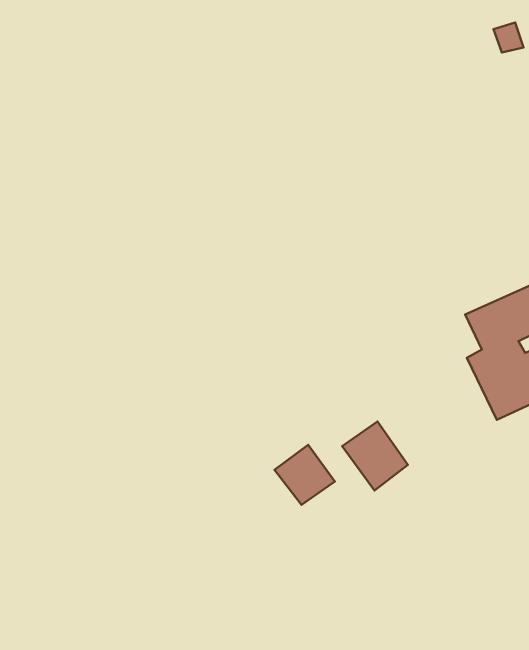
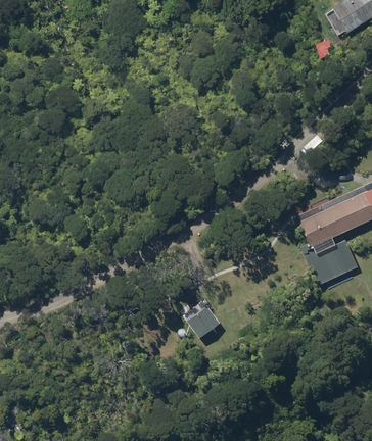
building: [342,421,408,490] -> none

